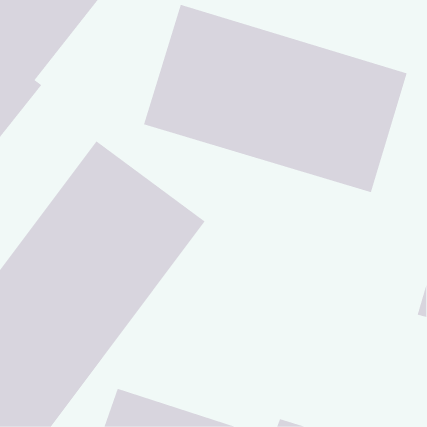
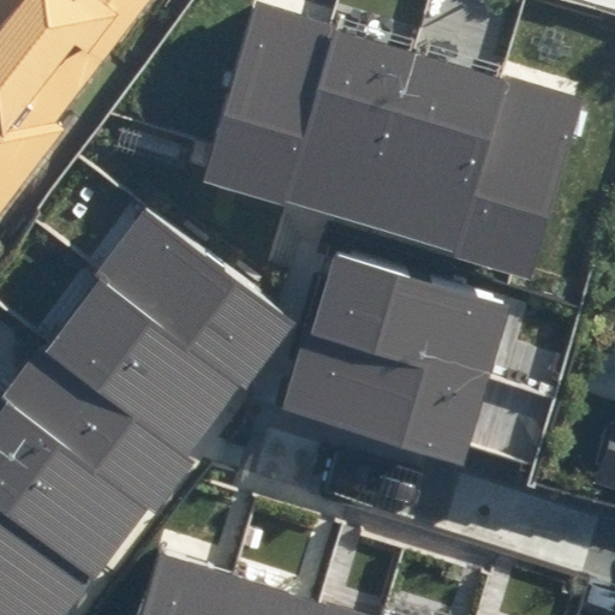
building: none -> [287,252,503,455]

